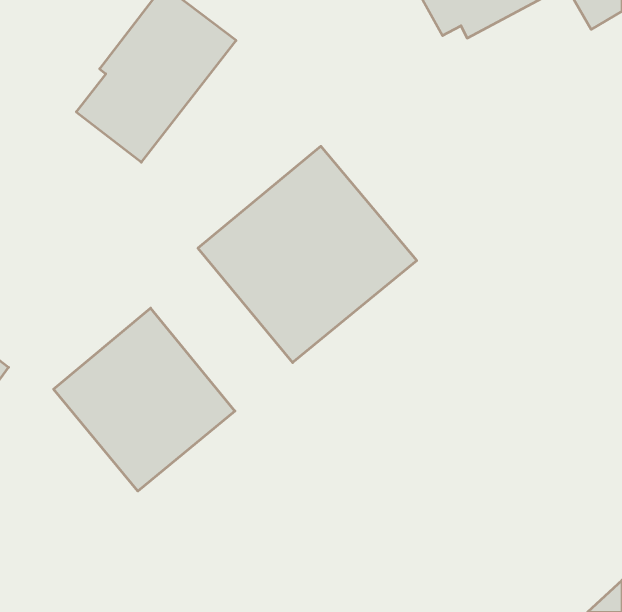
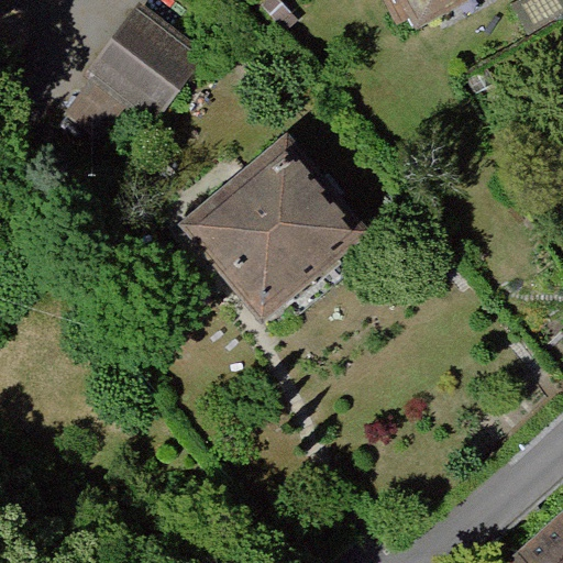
building: [54,308,235,491] -> none

